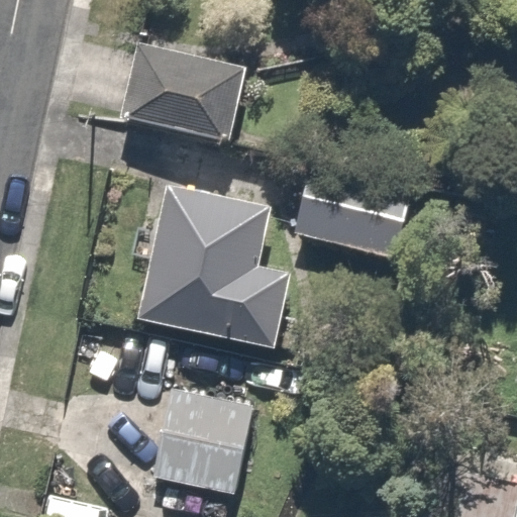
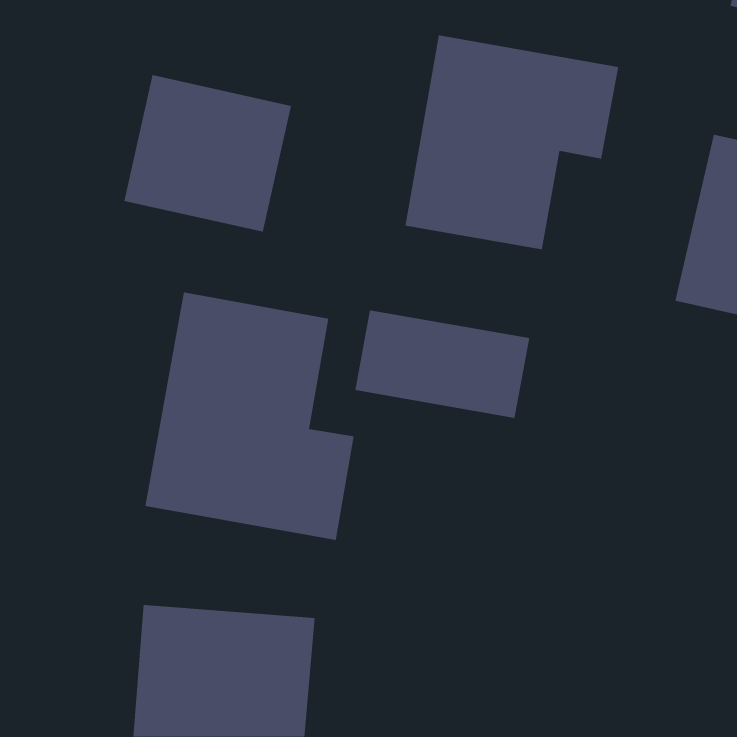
building: none -> [405,34,619,250]

